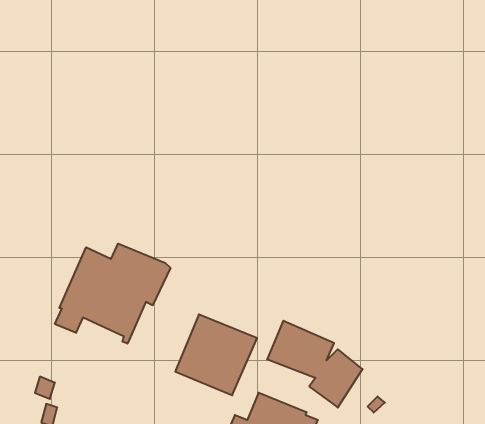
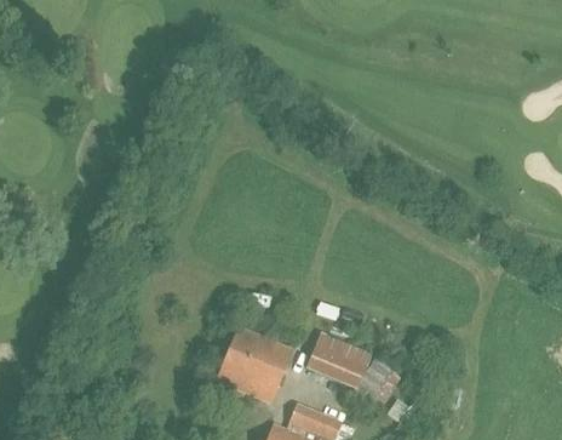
building: [55,244,170,344] -> none

